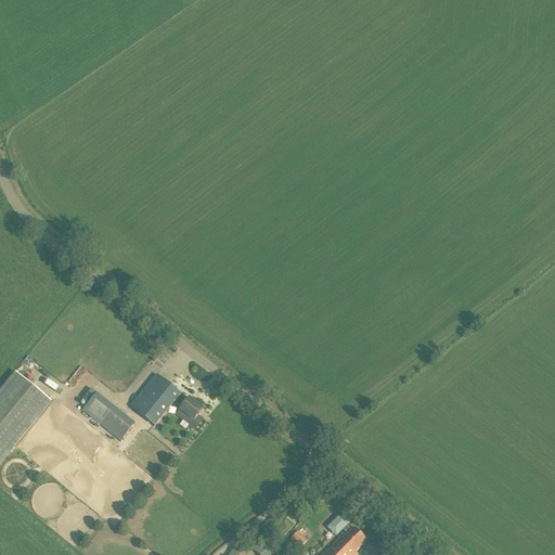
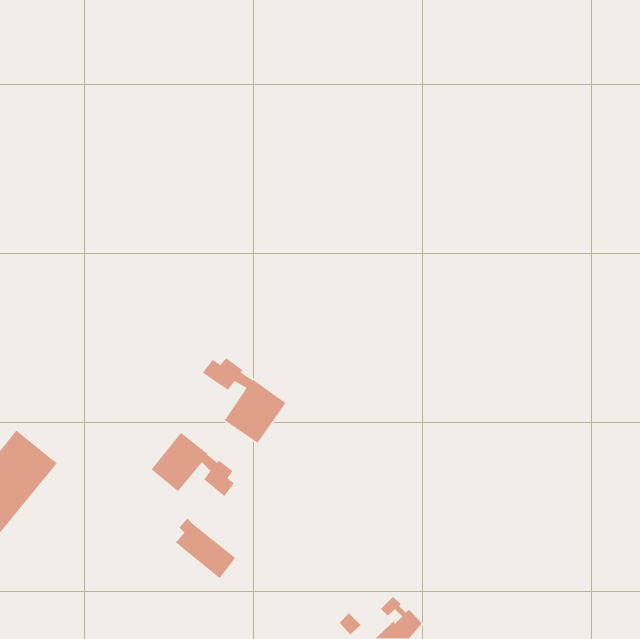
building: none -> [202,357,286,444]
building: [81,387,134,440] -> [175,518,236,579]

